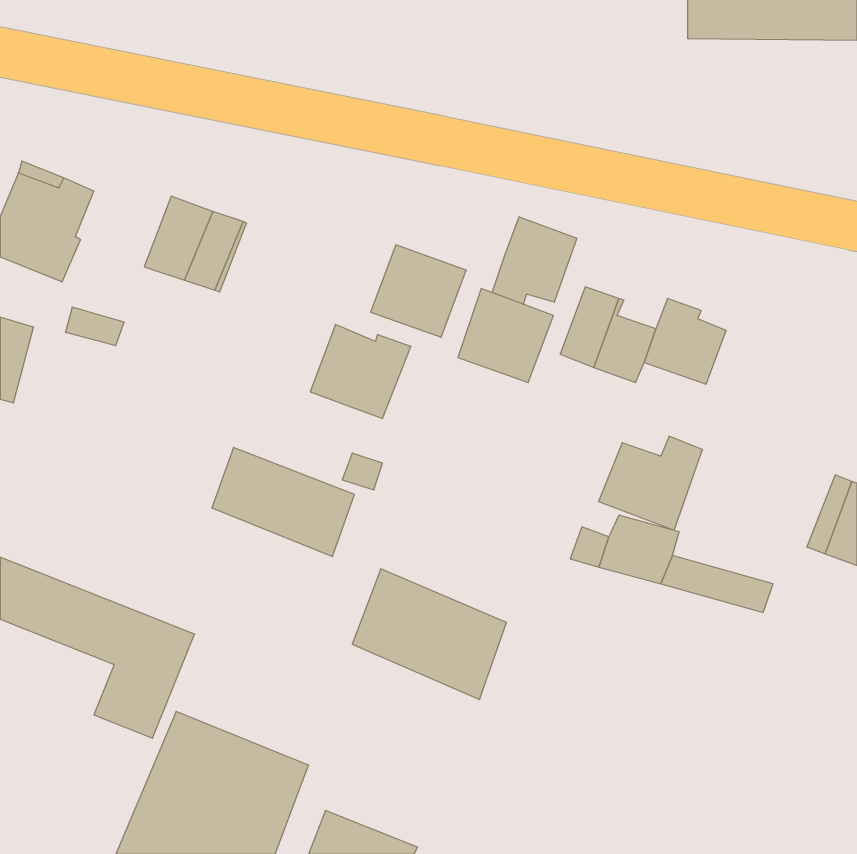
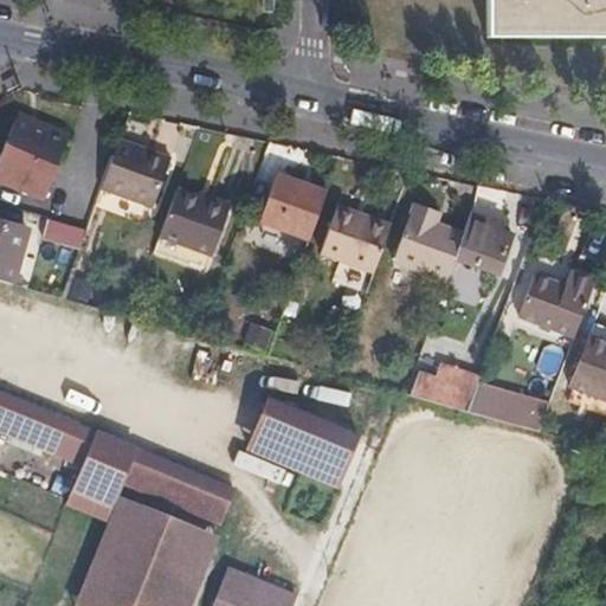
building: [492,217,577,304] -> none
building: [310,325,411,419] -> [161,188,232,254]
building: [599,436,703,530] -> [518,273,592,340]
building: [212,448,354,557] -> [135,456,236,533]

